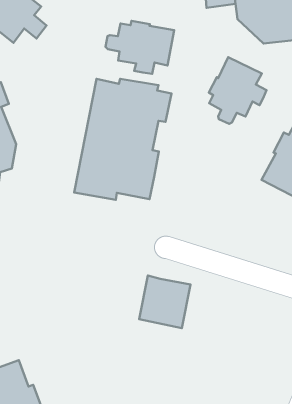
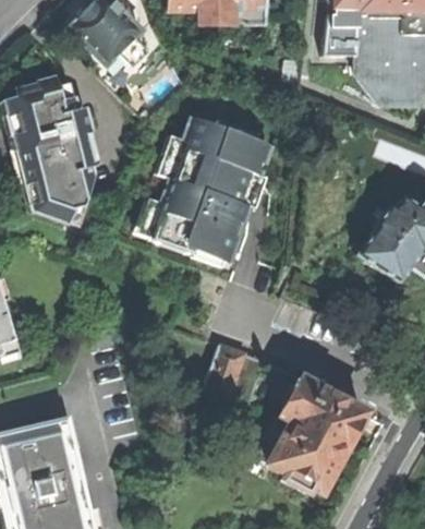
building: [106,21,174,74] -> none
building: [209,57,266,124] -> none
building: none -> [253,375,366,494]

